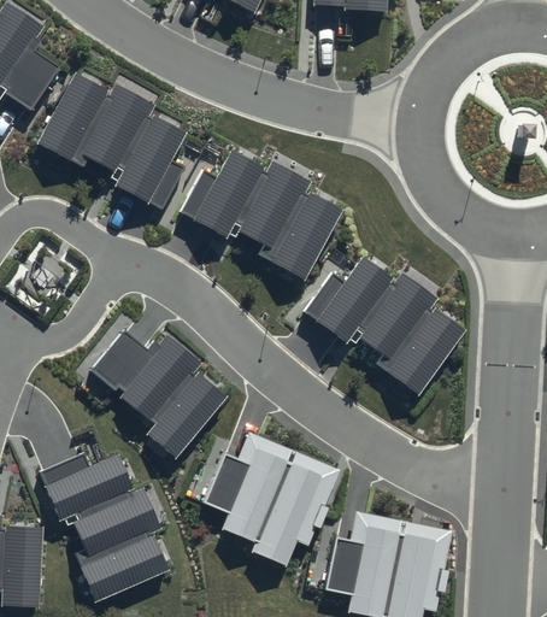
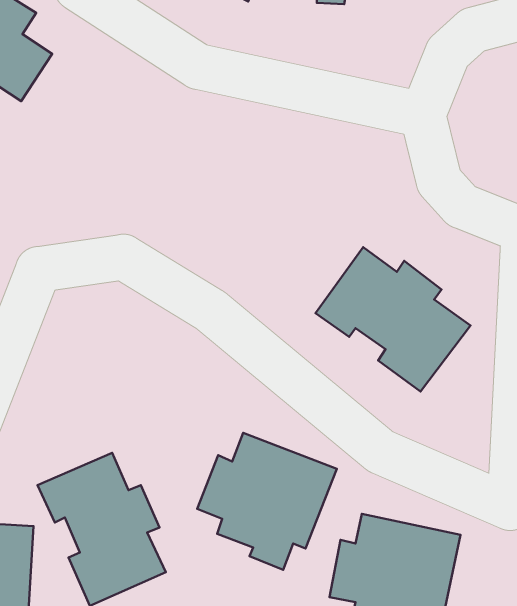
building: [37,75,187,205] -> none
building: [193,151,342,281] -> none
building: [90,329,228,457] -> none

